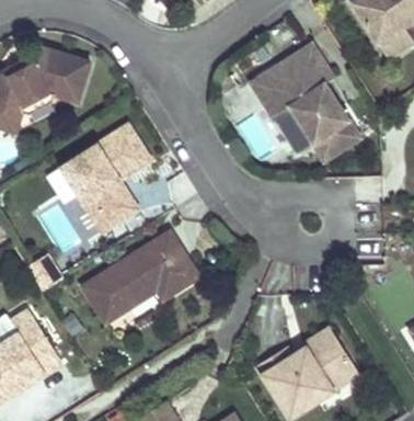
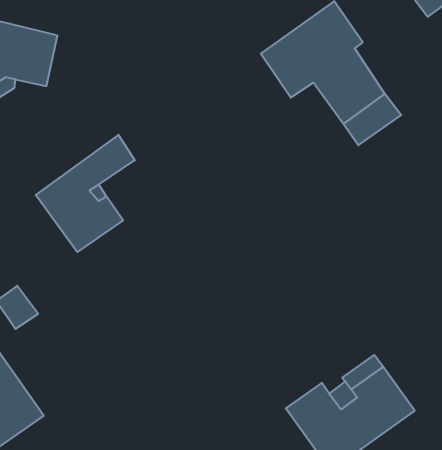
building: [56,125,136,186] -> none
building: [76,234,195,330] -> none

